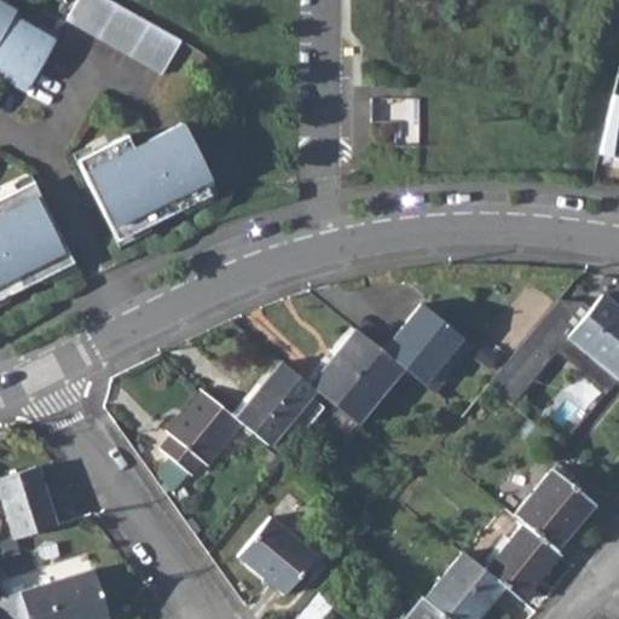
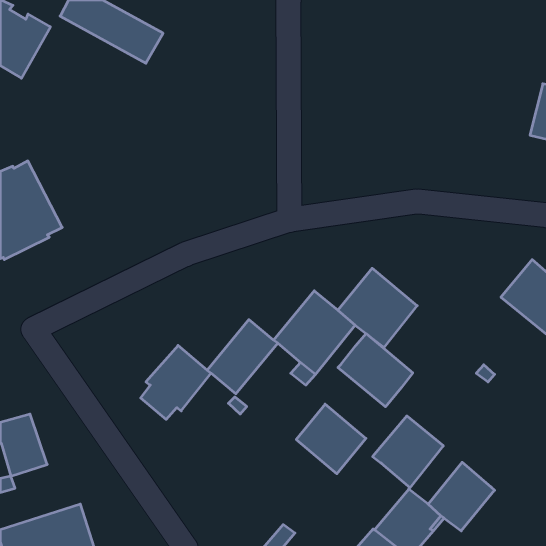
building: [77,121,213,237] -> none
building: none -> [338,334,413,407]
building: [514,470,594,551] -> [373,416,443,488]
building: [238,517,317,596] -> [296,404,366,474]

